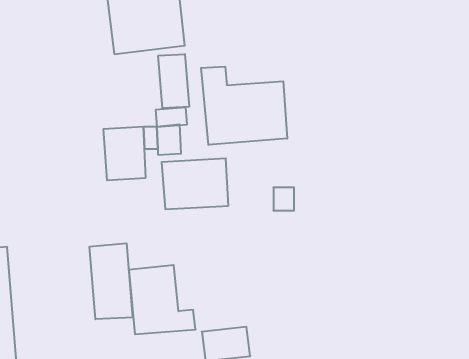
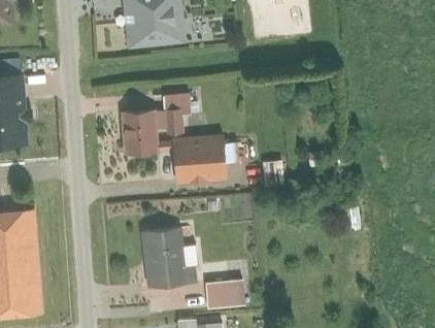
building: [158,54,189,108] -> none
building: [201,67,287,145] -> none
building: [90,243,133,319] -> none

